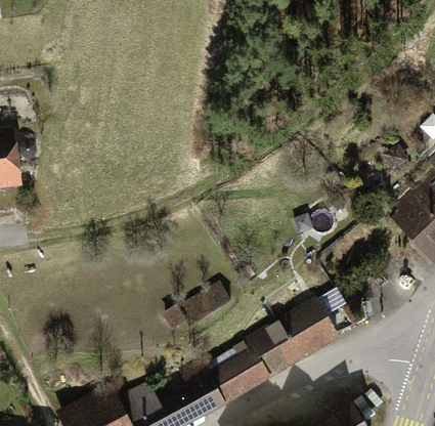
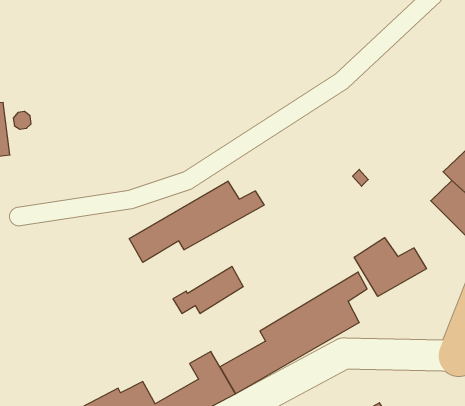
building: none -> [129,181,264,262]
building: none -> [354,238,426,296]

